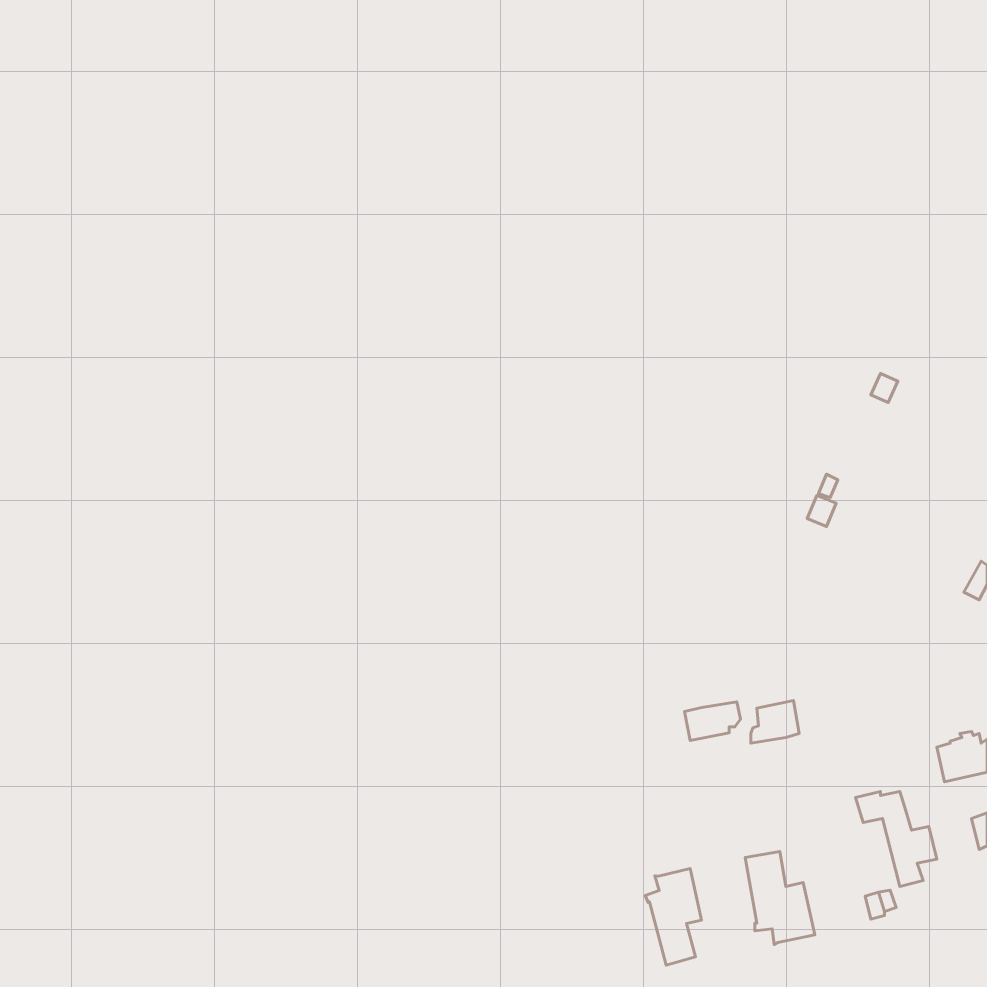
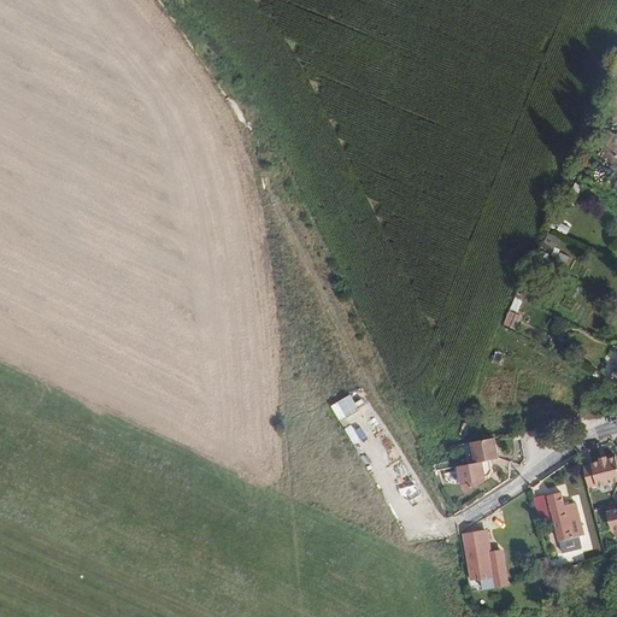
building: [685,702,741,740] -> [457,459,492,483]
building: [645,869,701,965] -> none

